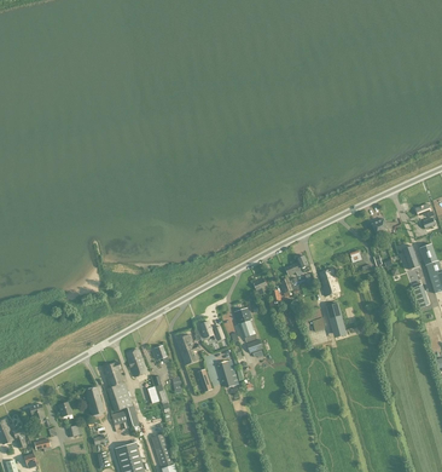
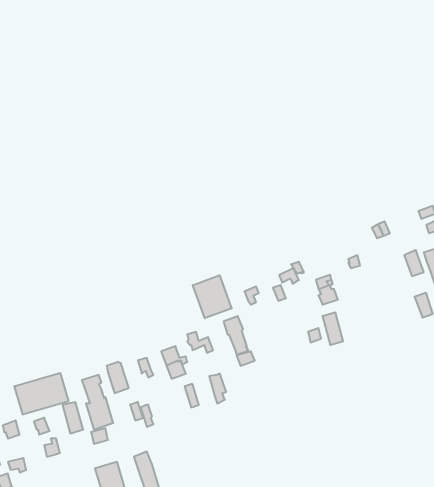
building: none -> [193,275,232,318]
building: none -> [15,373,68,415]

